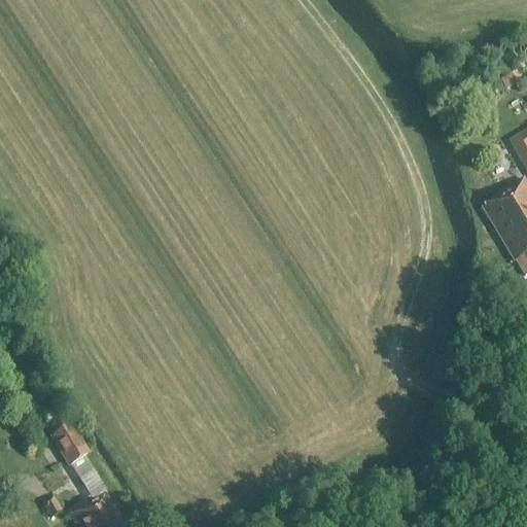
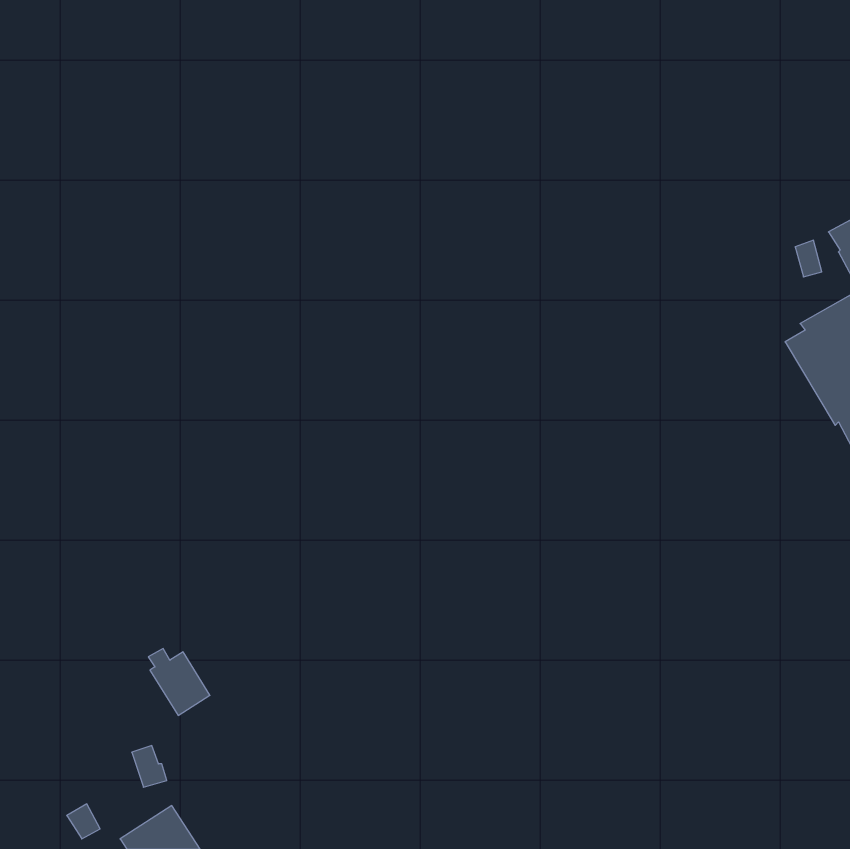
building: [51,426,90,467] -> [148,649,210,715]

